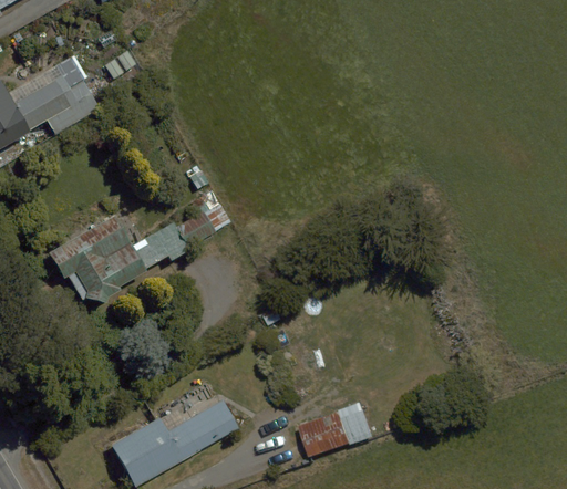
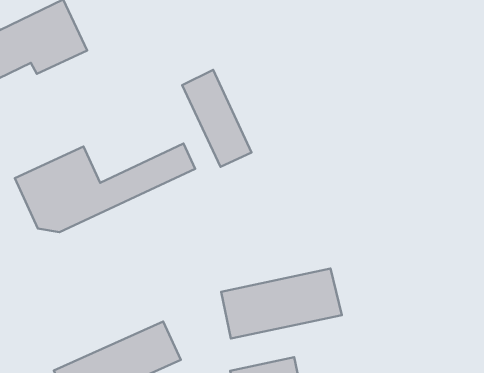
building: none -> [182,70,252,167]
building: none -> [221,268,342,339]

